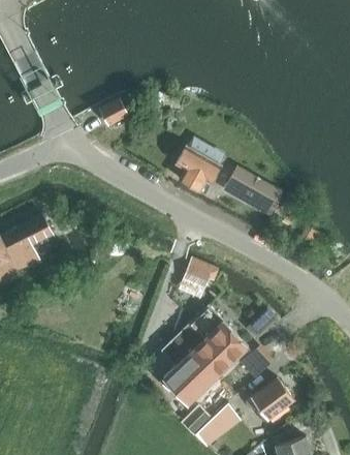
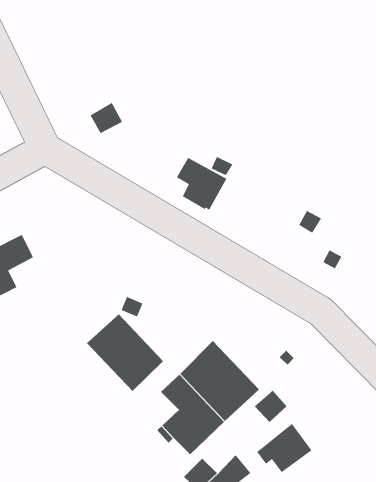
building: [226,164,283,210] -> none
building: [182,260,217,287] -> none
building: none -> [86,314,164,392]

